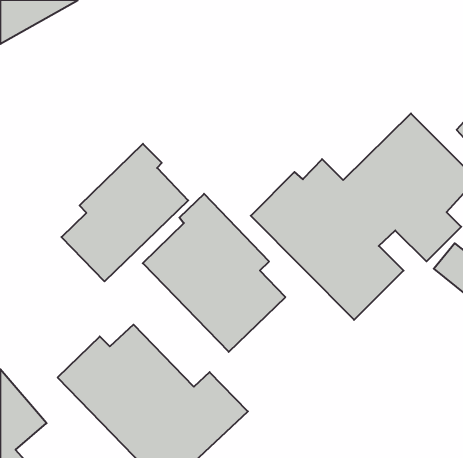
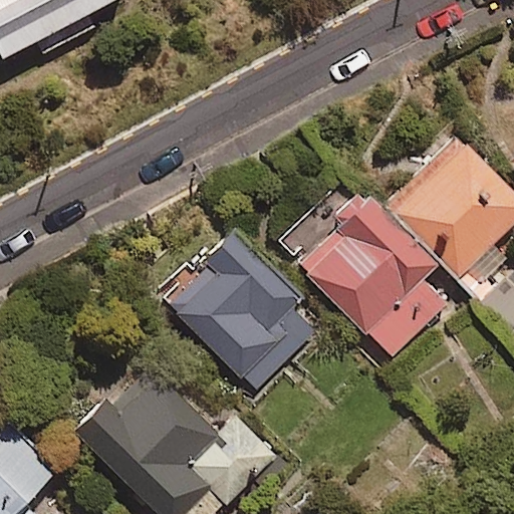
building: [61,144,188,281] -> none

